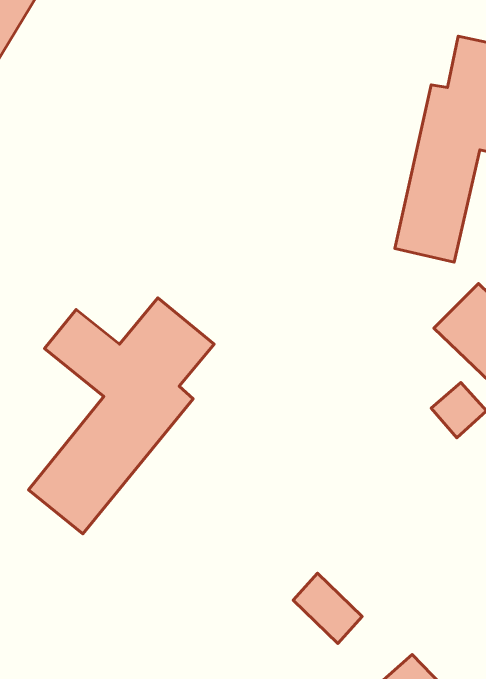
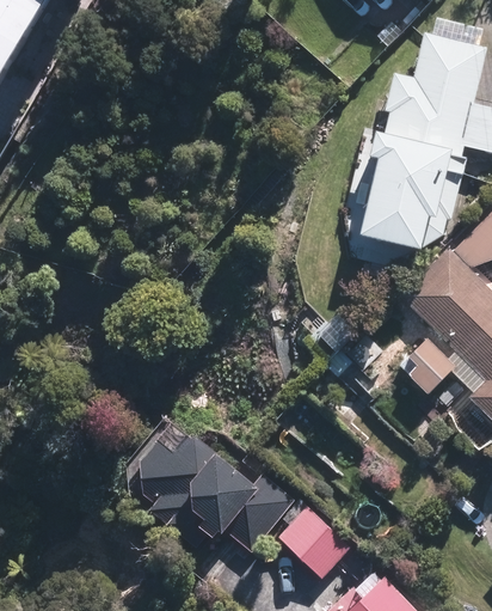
building: [29,298,214,534] -> none
building: none -> [147,438,276,540]

